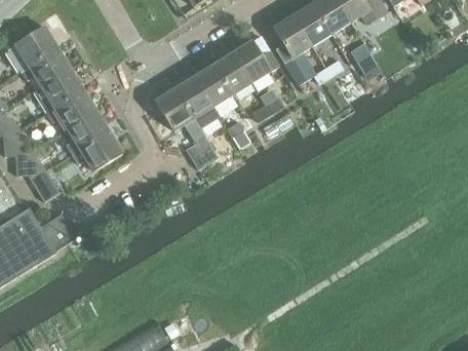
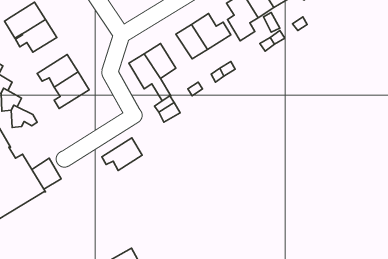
building: [194,66,232,107] -> none
building: [40,70,82,113] -> none
building: [73,132,121,171] -> [102,138,142,170]
building: [28,170,60,203] -> none

